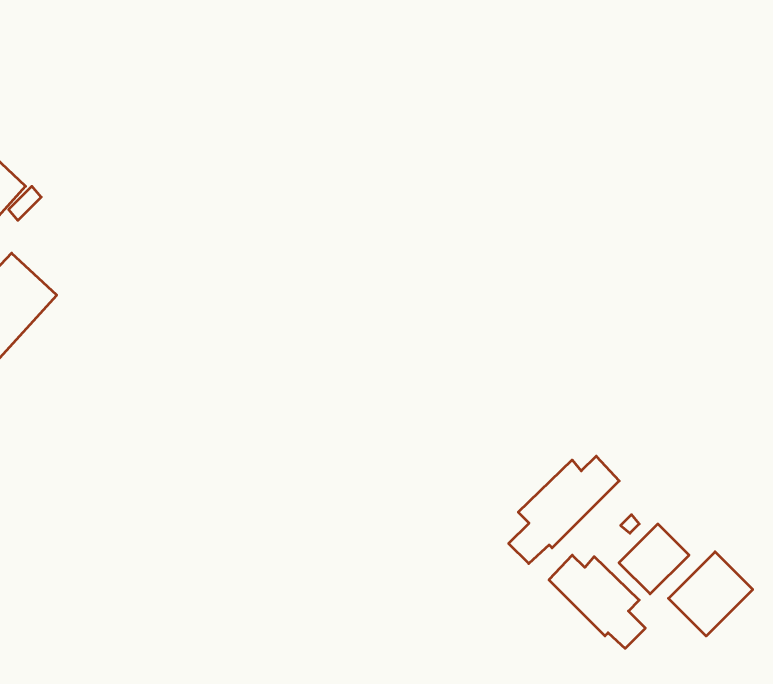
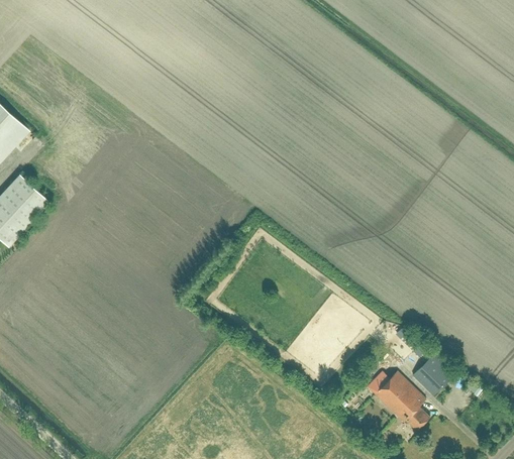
building: [509,456,619,564] -> none
building: [668,552,753,636] -> none

